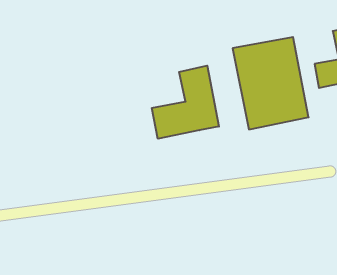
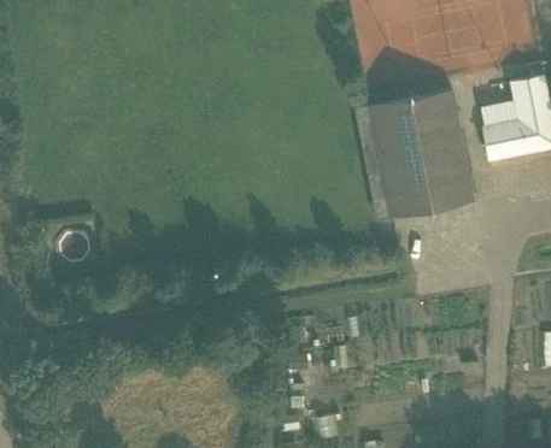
building: [152,66,219,139] -> none

